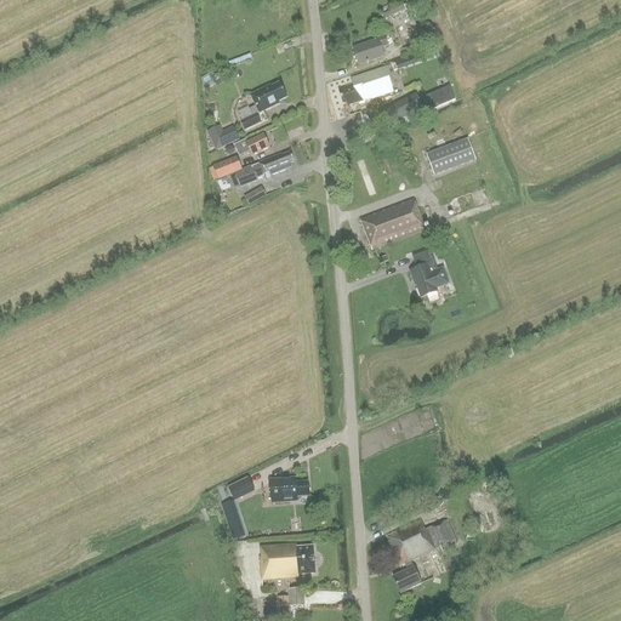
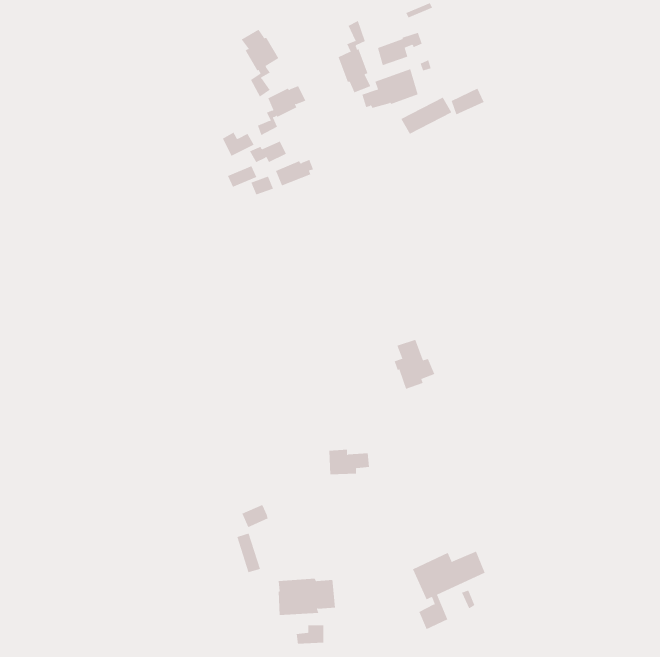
building: none -> [338,20,371,93]
building: none -> [241,29,279,98]
building: [427,136,475,172] -> none
building: [360,196,426,247] -> none
building: [410,247,449,295] -> [394,339,435,390]
building: [270,475,309,500] -> [328,449,370,475]

